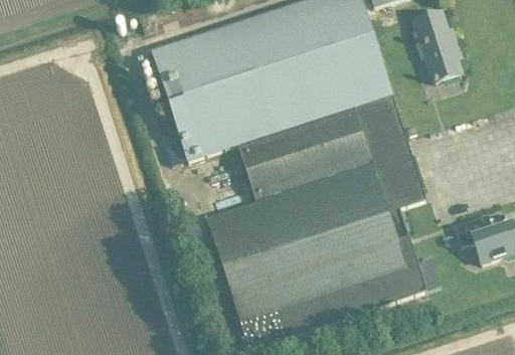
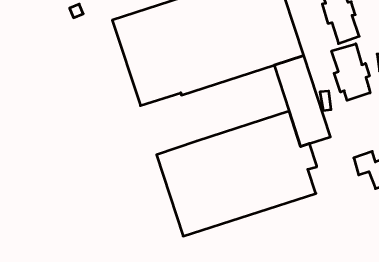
building: none -> [332,44,370,100]
building: [238,107,373,201] -> none
building: [240,233,424,345] -> none

